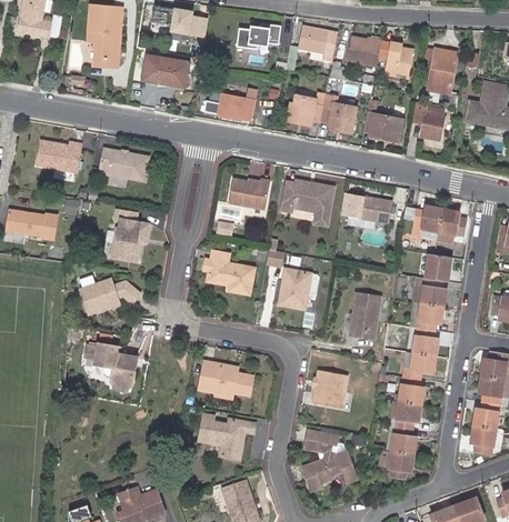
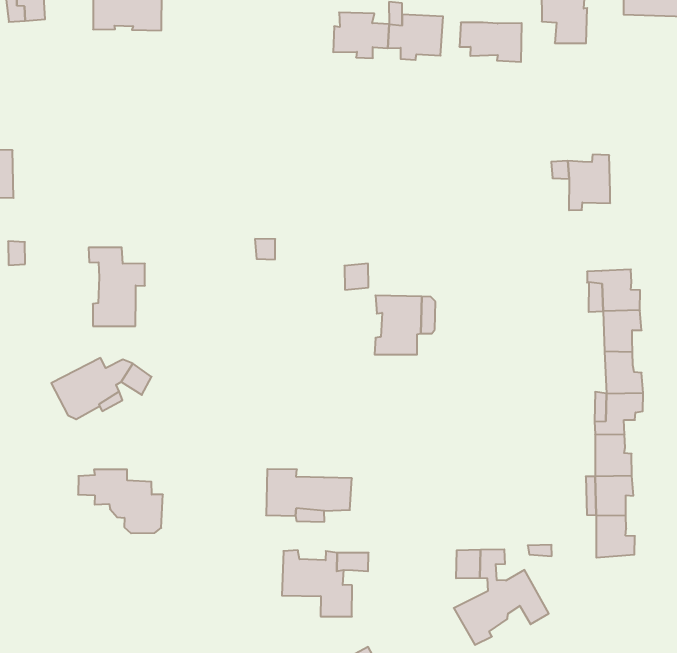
building: [218,94,255,120] -> none
building: [100,148,151,182] -> none
building: [230,178,270,209] -> none
building: [281,179,335,225] -> none
building: [347,193,391,223] -> none
building: [438,209,467,235] -> none
building: [204,250,255,292] -> none
building: [425,253,451,280] -> none
building: [348,292,379,338] -> none
building: [311,370,346,408] -> none
building: [380,448,415,476] -> none

